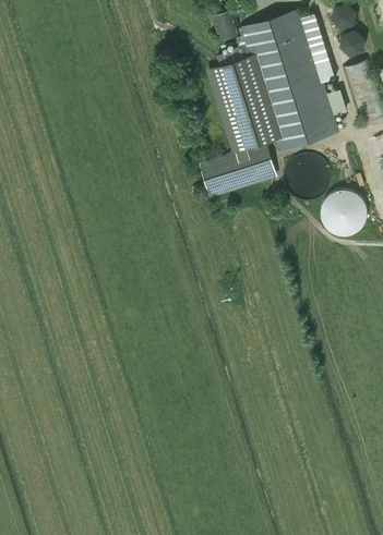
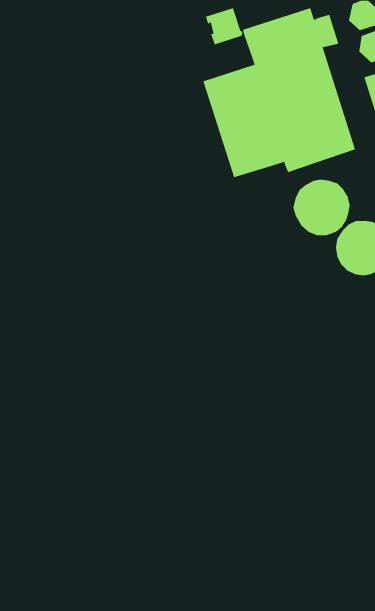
building: [201,144,277,197] -> none

